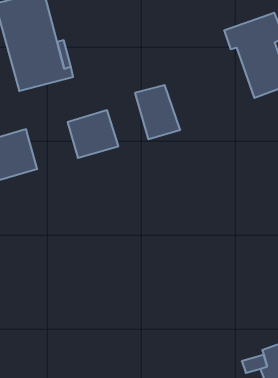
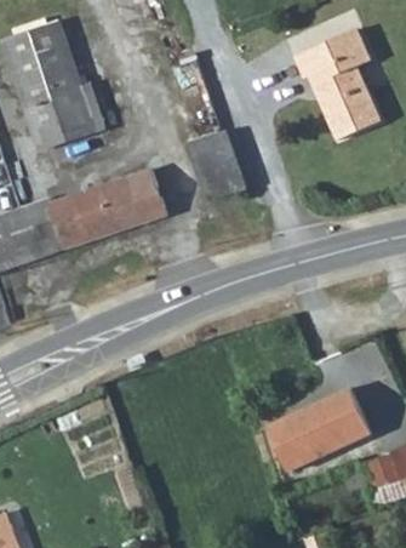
building: none -> [51,185,118,247]
building: none -> [270,390,370,470]

